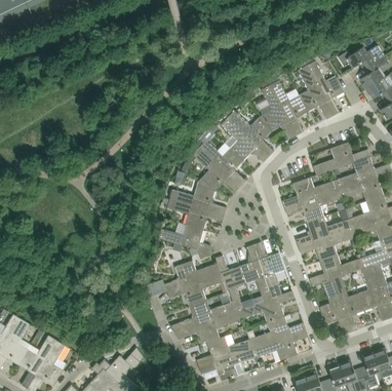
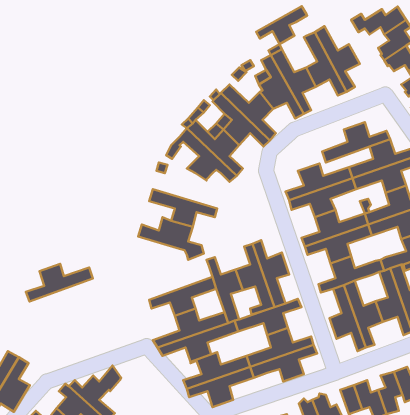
building: none -> [256,6,307,44]
building: [170,181,227,214] -> none
building: [164,260,221,291] -> [26,264,93,302]

